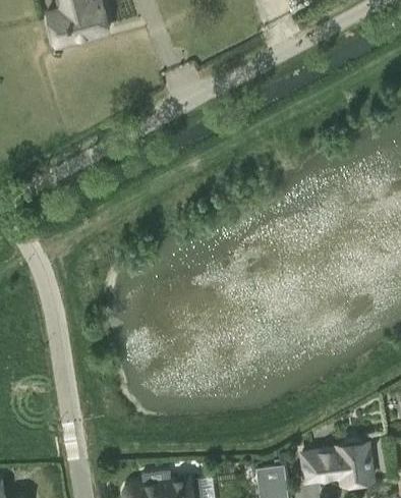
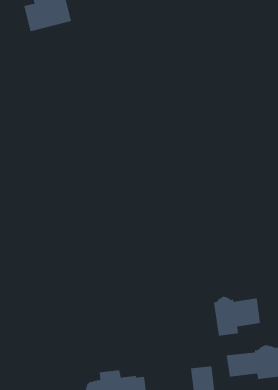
building: none -> [213,296,260,336]

